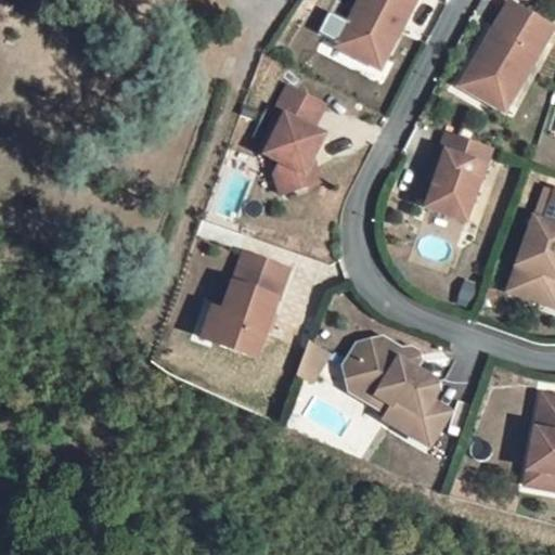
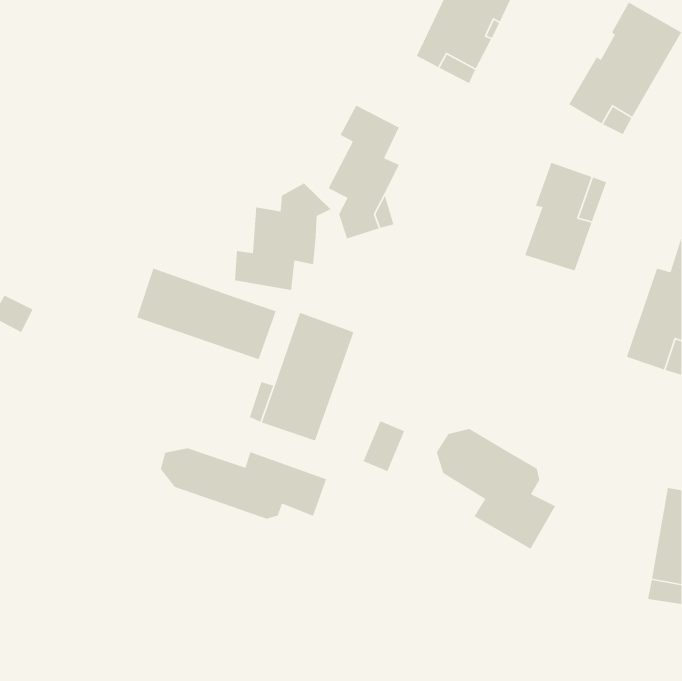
building: none -> [234,182,331,291]
building: none -> [136,267,277,360]
building: [344,336,421,413] -> none
building: none -> [160,448,327,520]

